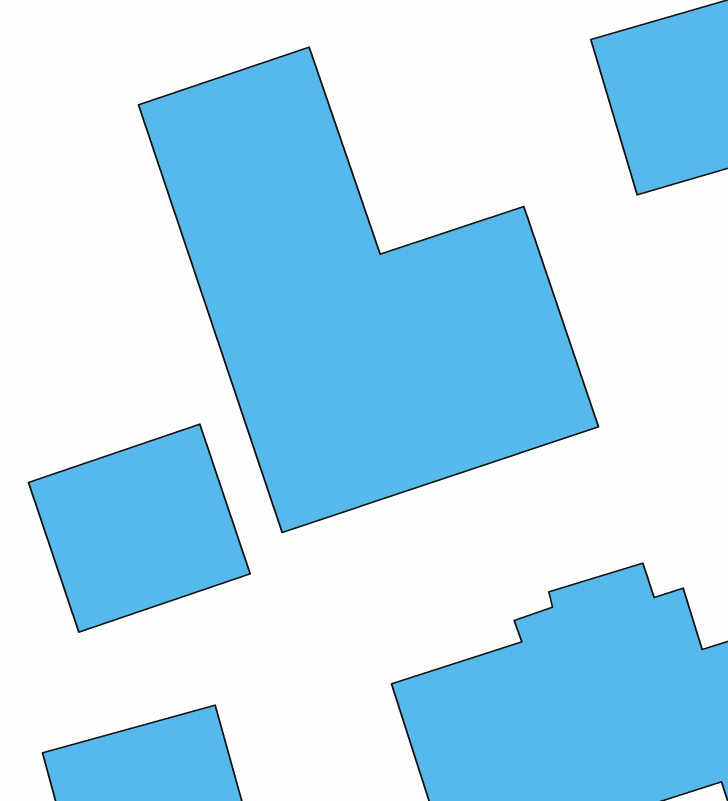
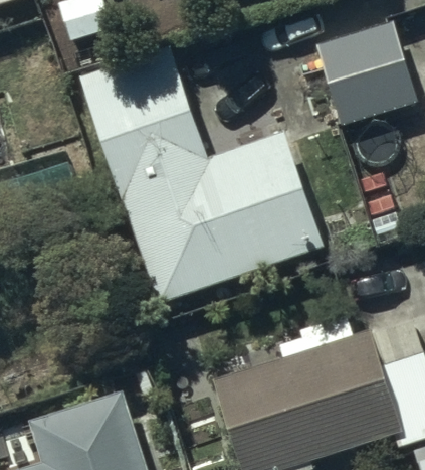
building: [29,424,250,632] -> none

